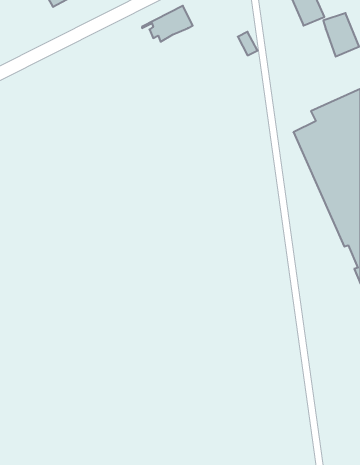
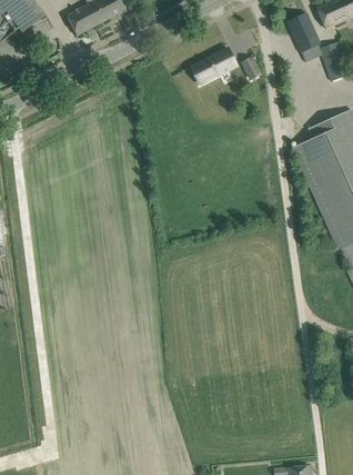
building: [142,6,193,42] -> [191,48,236,80]

